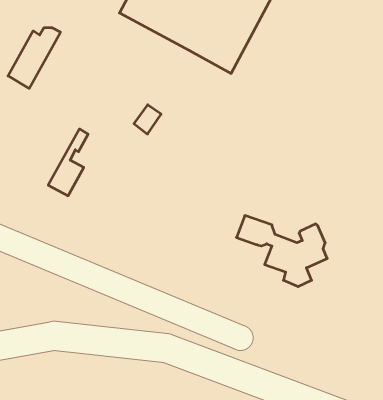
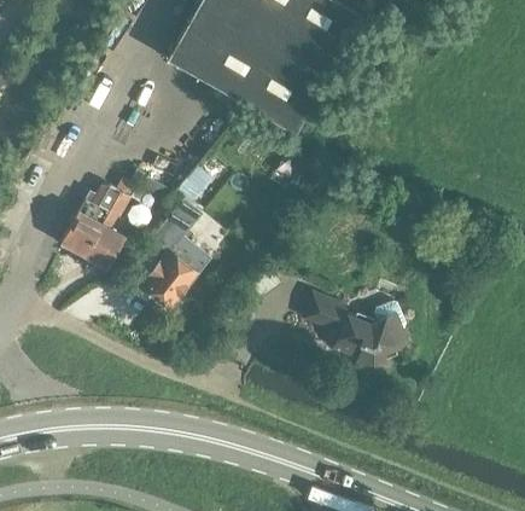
building: [8,28,60,88] -> [62,188,122,259]
building: none -> [146,199,210,309]

